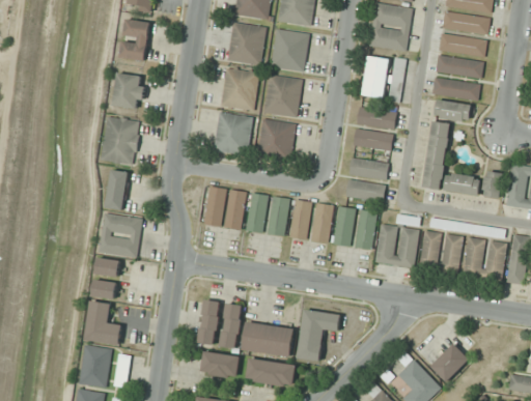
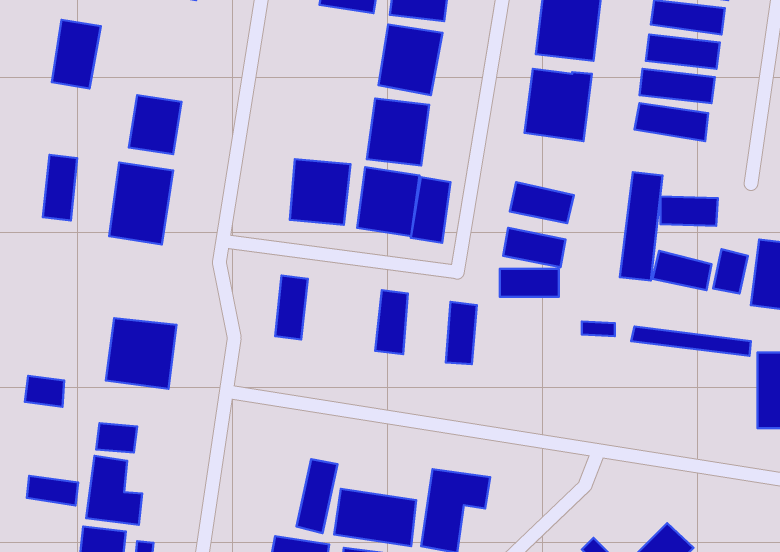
building: [119,18,150,61] -> [52,20,101,89]
building: [226,23,266,65] -> none
building: [220,66,258,111] -> none
building: [435,102,471,120] -> [660,196,718,226]
building: [358,109,395,127] -> none
building: [106,169,128,210] -> [43,155,77,221]
building: [224,190,246,229] -> none
building: [246,193,267,232] -> none
building: [287,199,312,240] -> [411,177,450,243]
building: [334,206,354,246] -> none
building: [355,210,376,249] -> none
building: [374,224,419,268] -> none
building: [419,231,462,274] -> none
building: [463,238,506,281] -> none
building: [94,257,119,277] -> [25,376,64,407]
building: [198,299,220,344] -> none
building: none -> [27,476,78,506]

